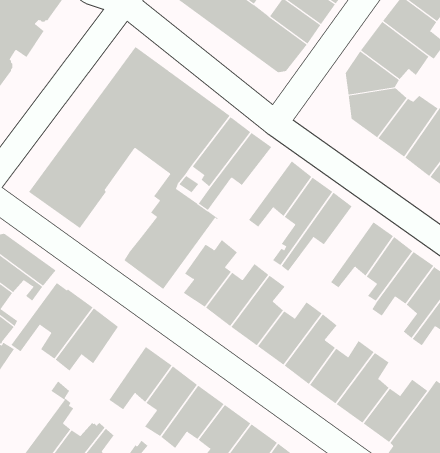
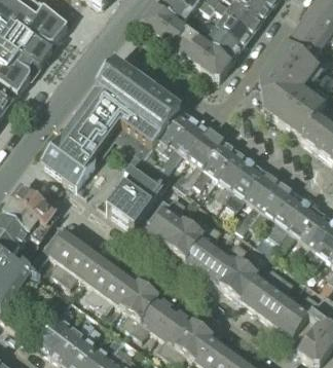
building: none -> [171,130,222,190]
building: none -> [235,171,279,232]
building: none -> [84,254,121,304]

